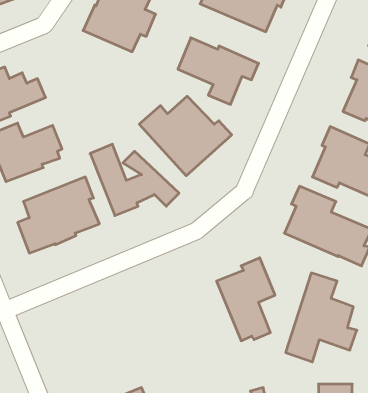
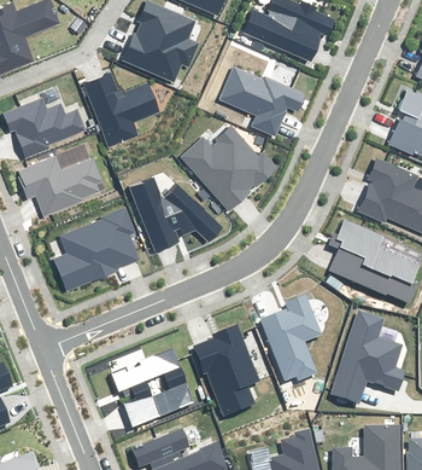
building: none -> [83,71,159,145]
building: none -> [193,325,258,414]
building: none -> [112,349,192,424]

